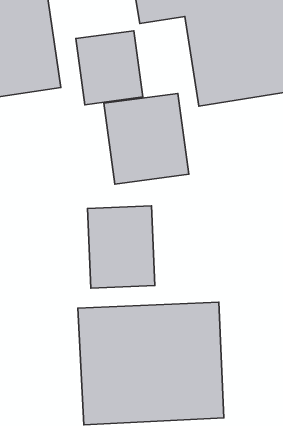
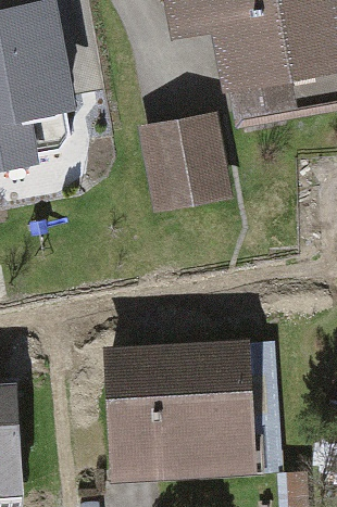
building: [76,31,143,105] -> none
building: [87,206,155,288] -> none

